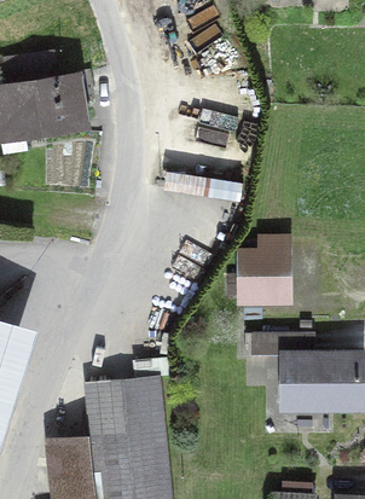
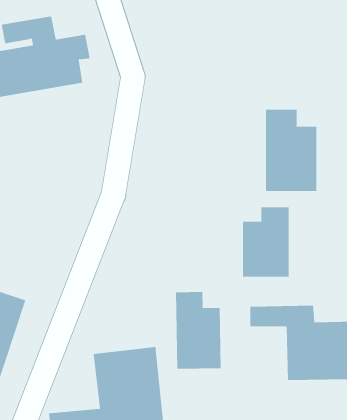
building: none -> [266,109,317,192]
building: none -> [176,291,221,369]

